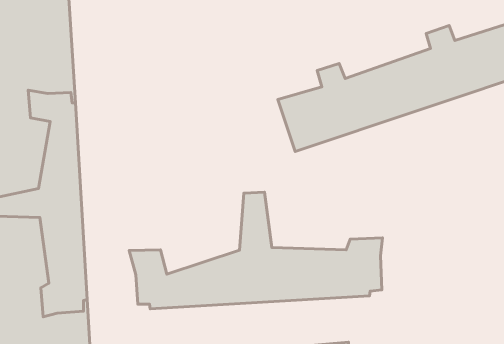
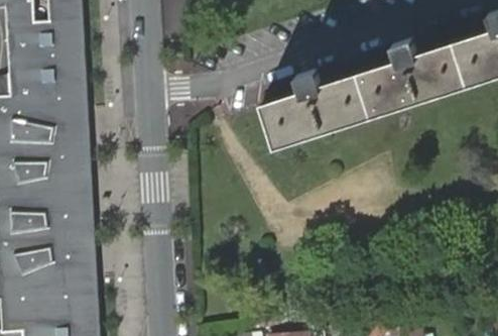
building: [129,192,383,309] -> none

